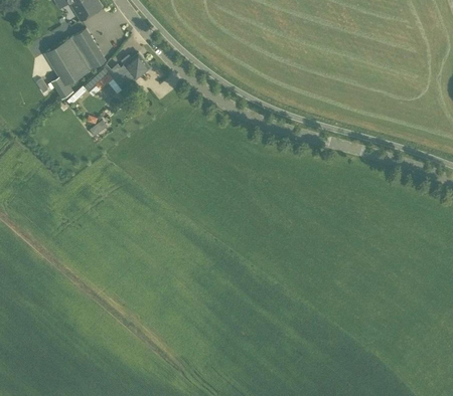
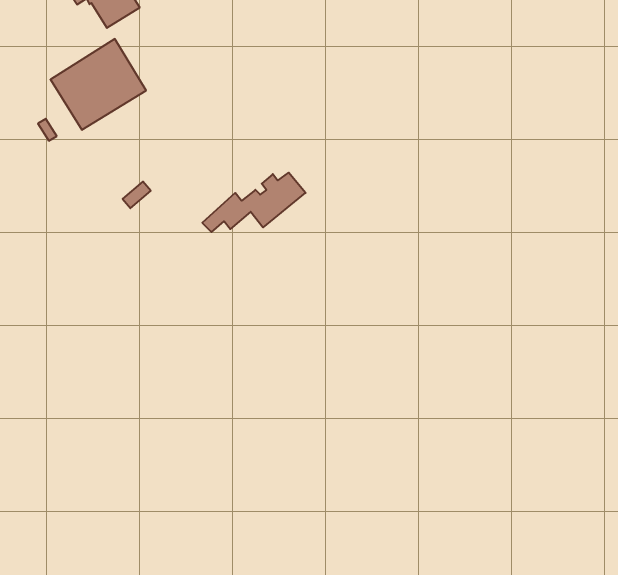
building: [82,54,148,92] -> [202,173,306,232]

